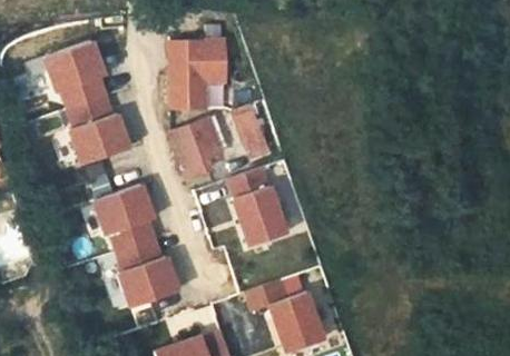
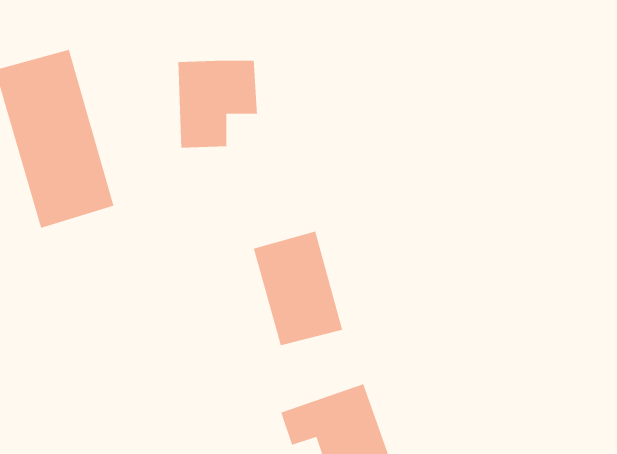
building: [232,109,272,167] -> none
building: [174,125,217,177] -> none
building: [91,184,177,312] -> none

